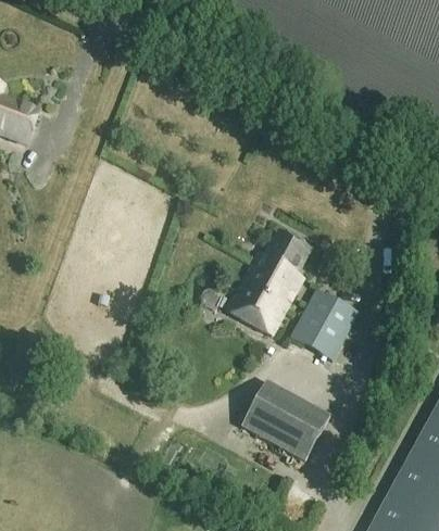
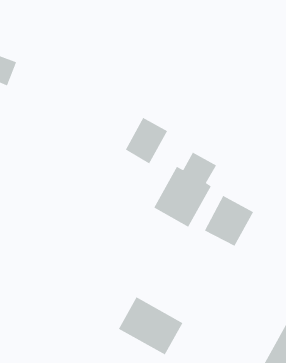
building: none -> [125,117,168,164]
building: [242,380,331,460] -> [118,296,183,356]

